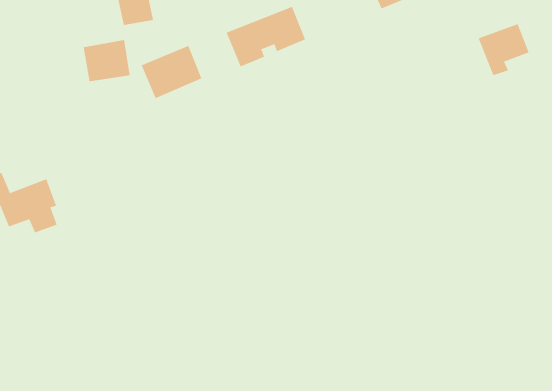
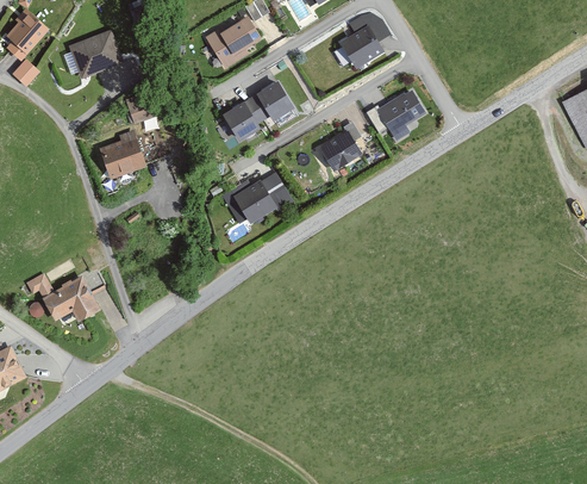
building: [478,24,529,76] -> [380,89,427,139]
building: [141,45,202,99] -> [232,172,288,224]
building: none -> [324,130,367,170]

